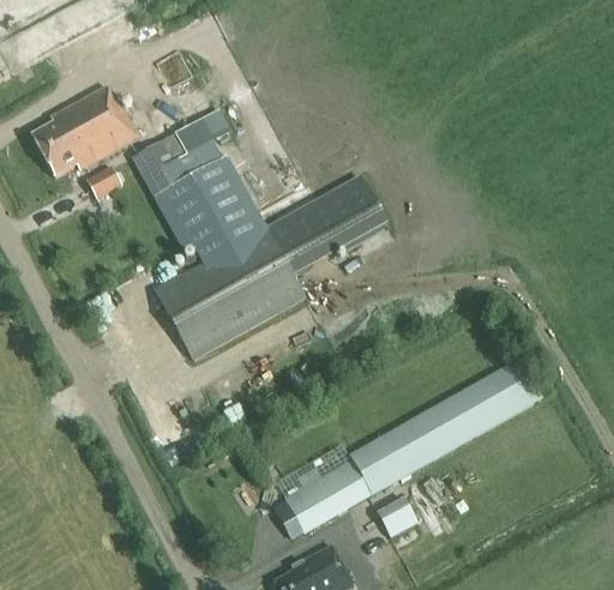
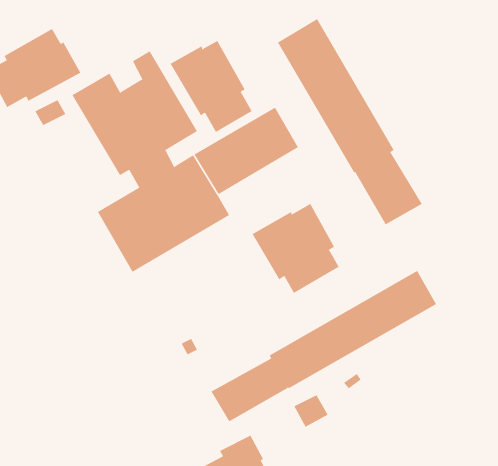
building: none -> [277,18,423,225]
building: none -> [170,40,252,133]
building: none -> [252,203,339,294]

